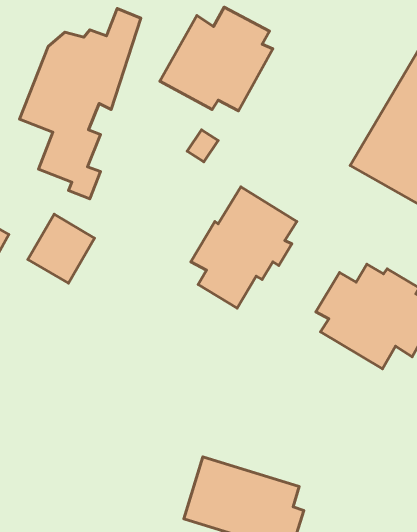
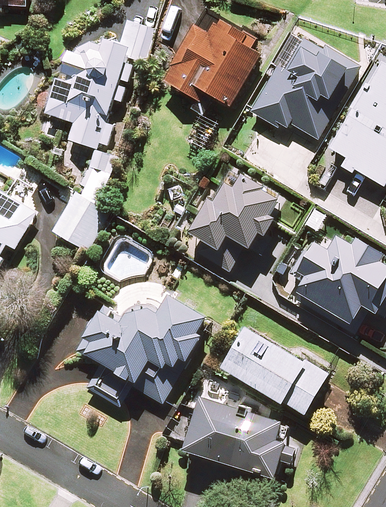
building: none -> [250,32,357,140]
building: none -> [77,283,209,407]
building: none -> [221,327,326,415]

